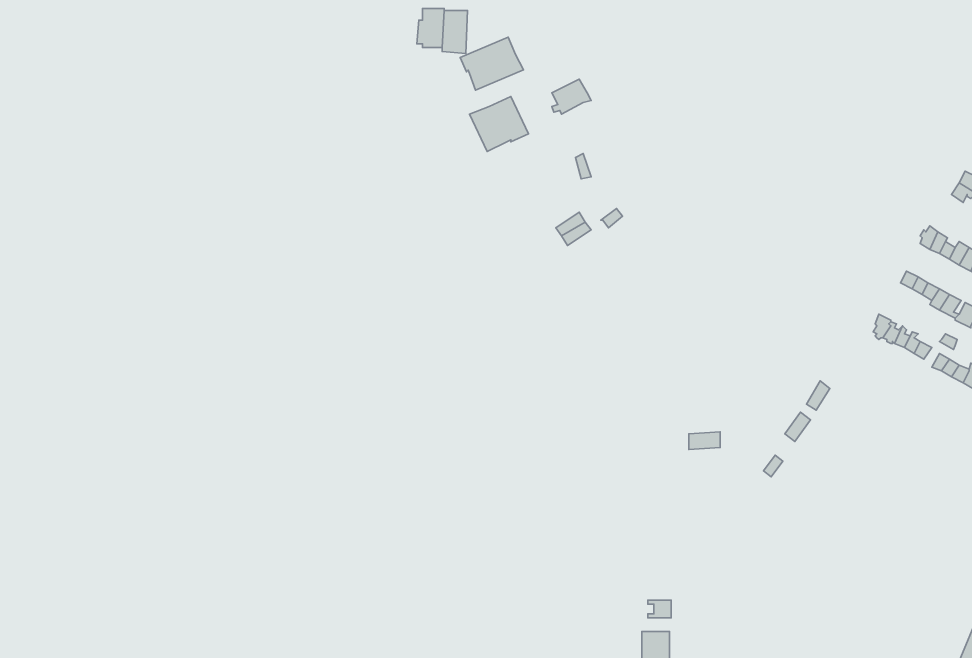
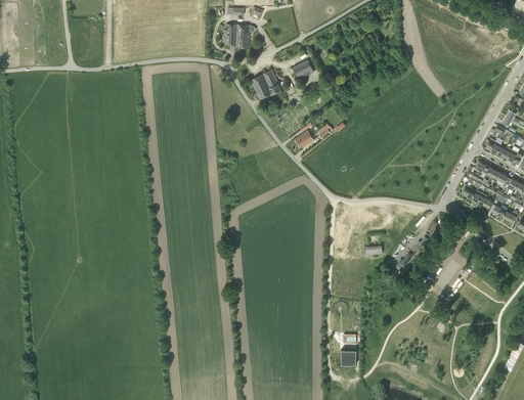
building: [460,37,523,90] -> none

